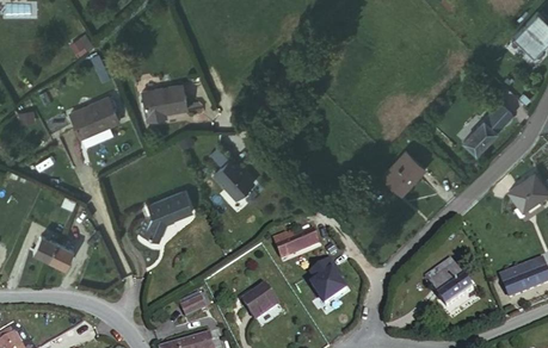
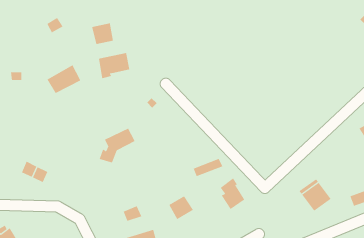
building: none -> [92,23,113,45]
building: [460,101,511,150] -> none
building: [378,148,420,189] -> none
building: [213,156,252,197] -> none

